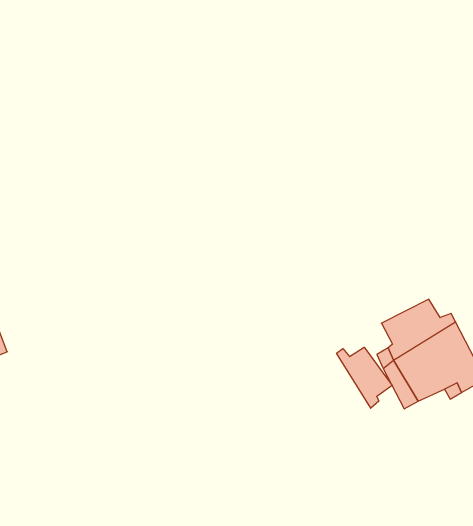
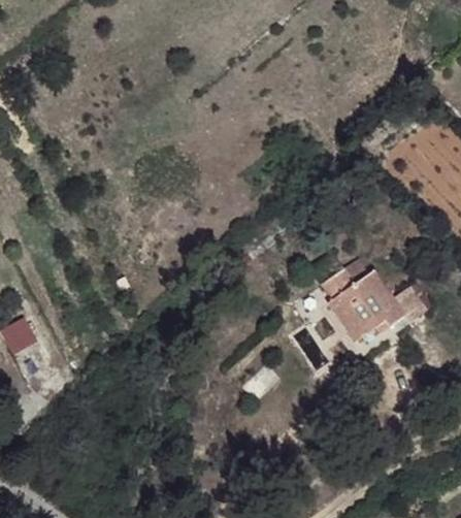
building: [337,347,392,408] -> none

